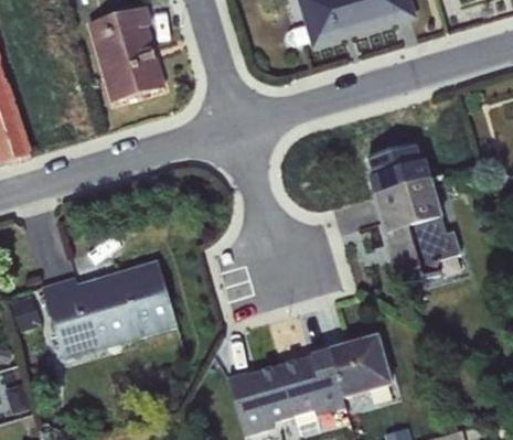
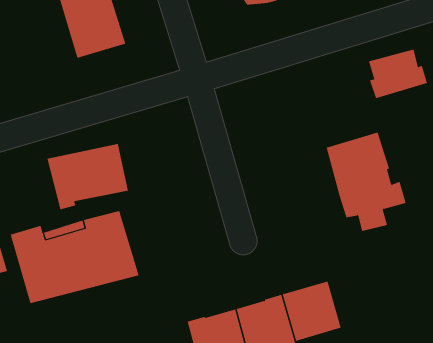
building: [367,142,430,195] -> [368,49,428,99]
building: none -> [47,143,128,210]

